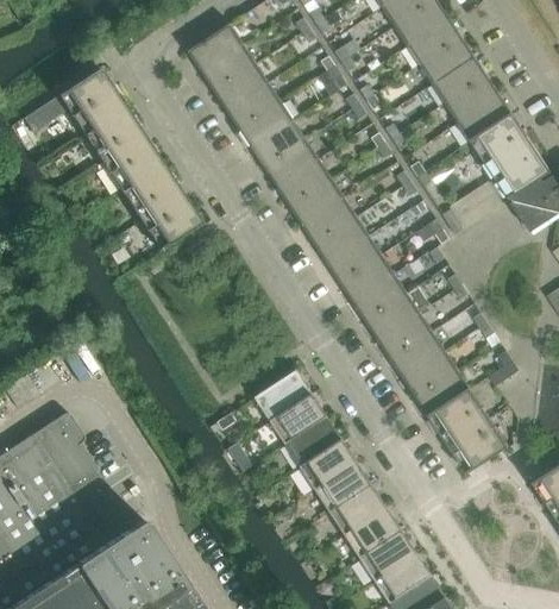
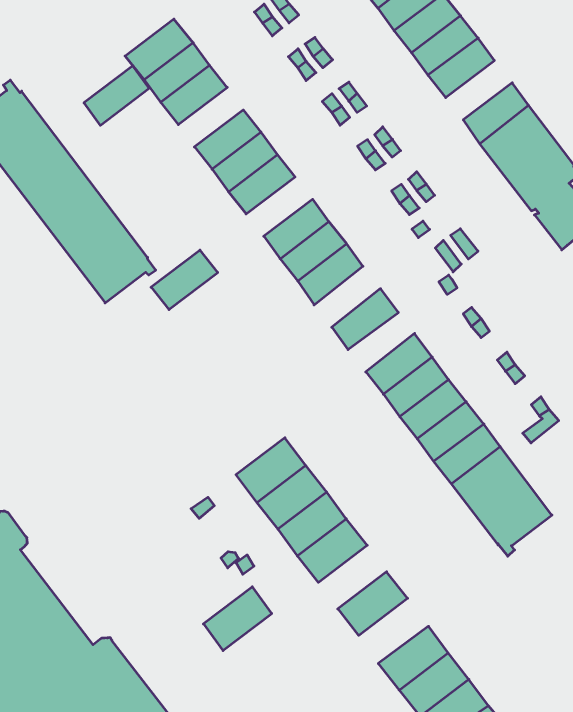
building: [445,76,500,123] -> none
building: [227,83,281,130] -> [84,66,149,125]
building: [277,159,332,206] -> [151,250,218,310]
building: [327,236,382,283] -> none
building: [352,275,407,321] -> none
building: [315,462,371,511] -> [203,587,272,651]
building: [345,507,402,558] -> none

